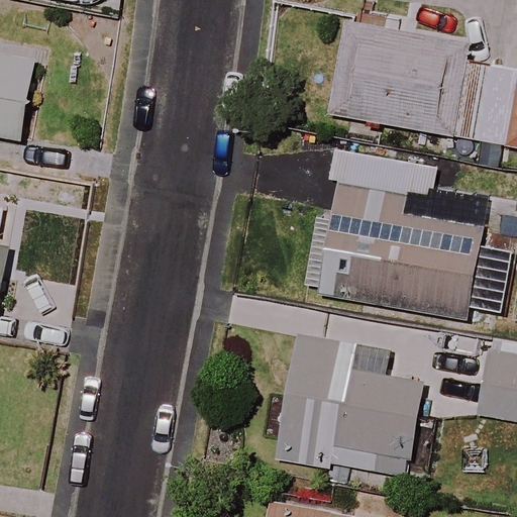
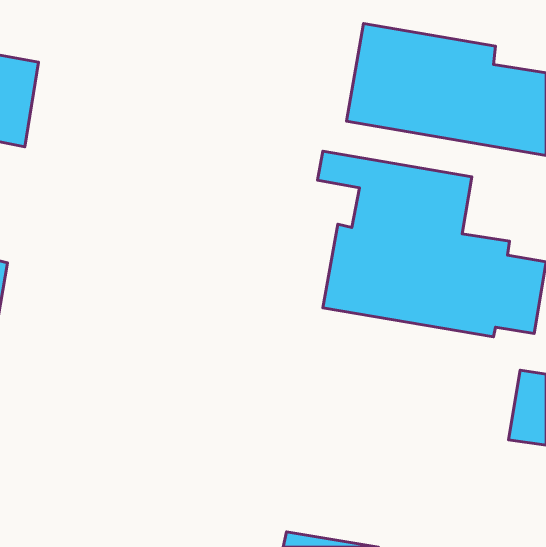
building: [274,333,422,496] -> none

